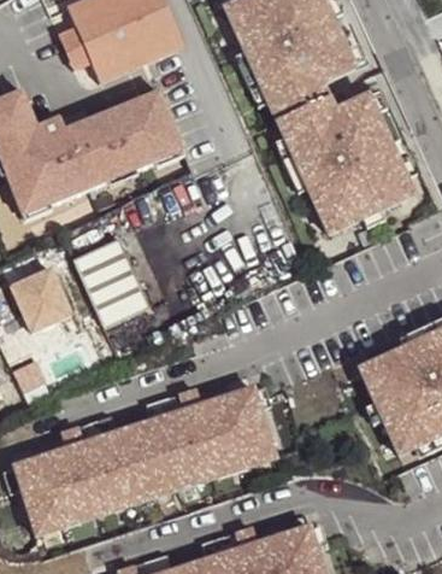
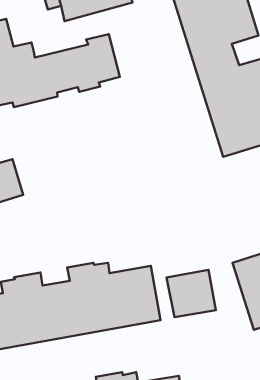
building: [72,238,148,326] -> none
building: none -> [167,270,216,317]

